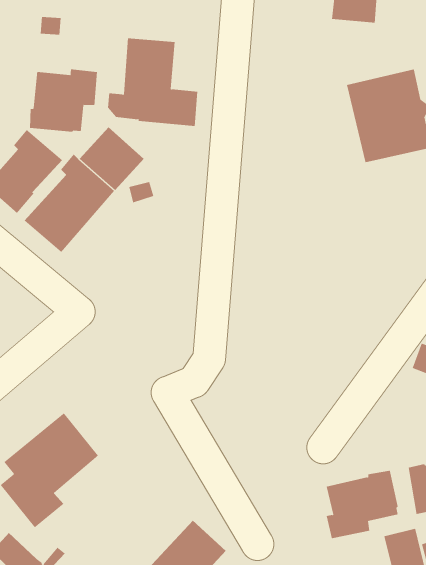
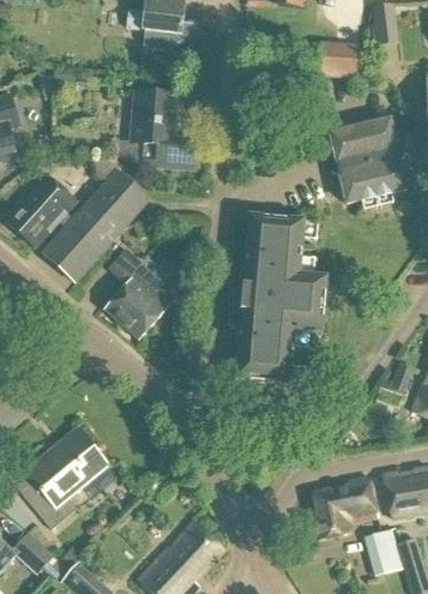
building: [29,69,97,132] -> none
building: none -> [227,214,327,384]
building: none -> [104,248,177,338]

